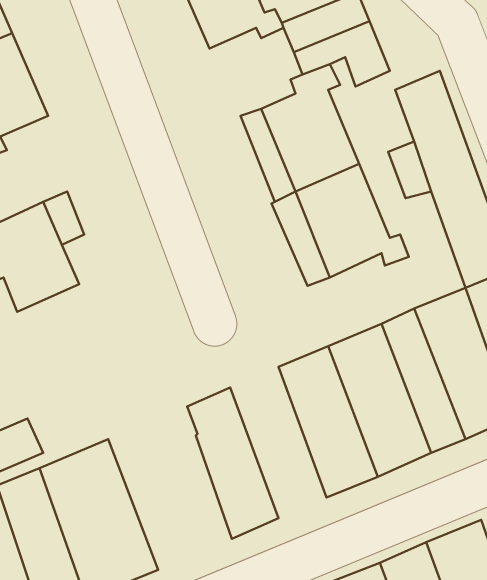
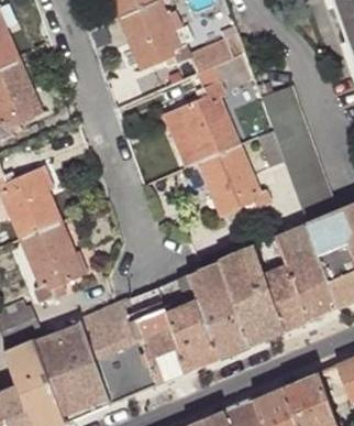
building: none -> [21,221,84,303]
building: none -> [157,274,219,371]
building: none -> [79,299,158,404]

